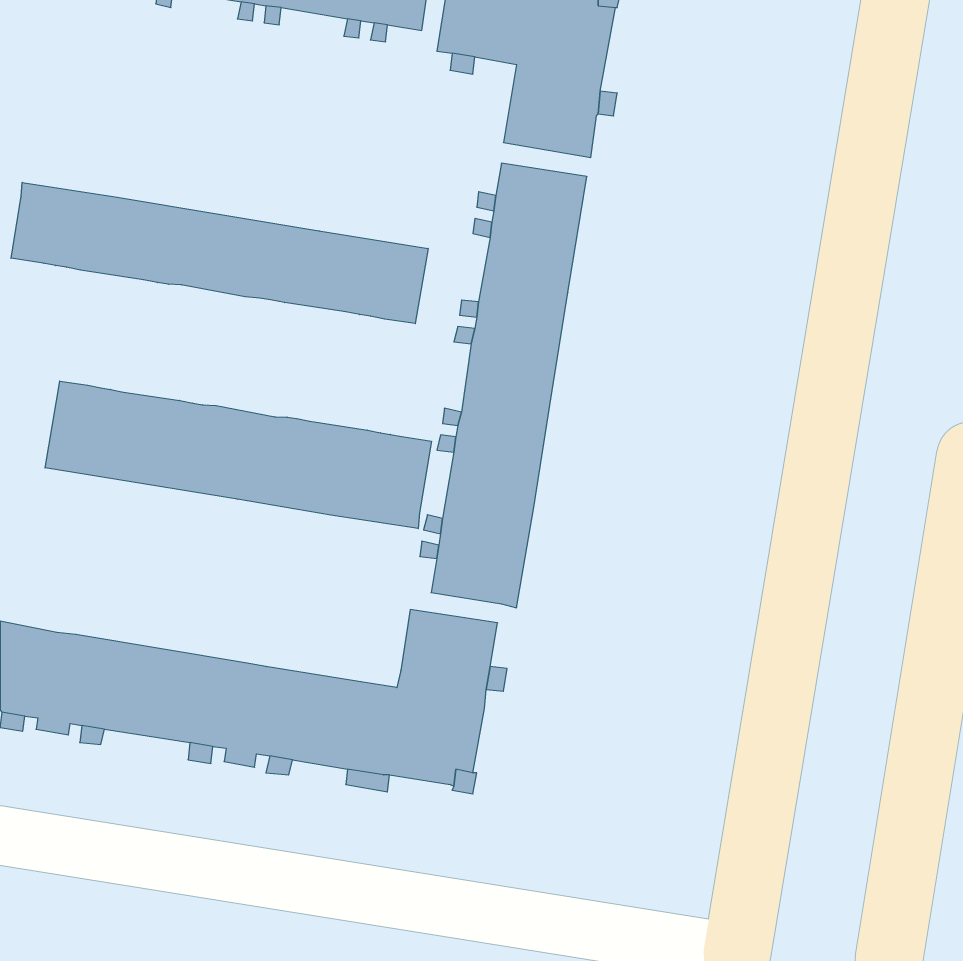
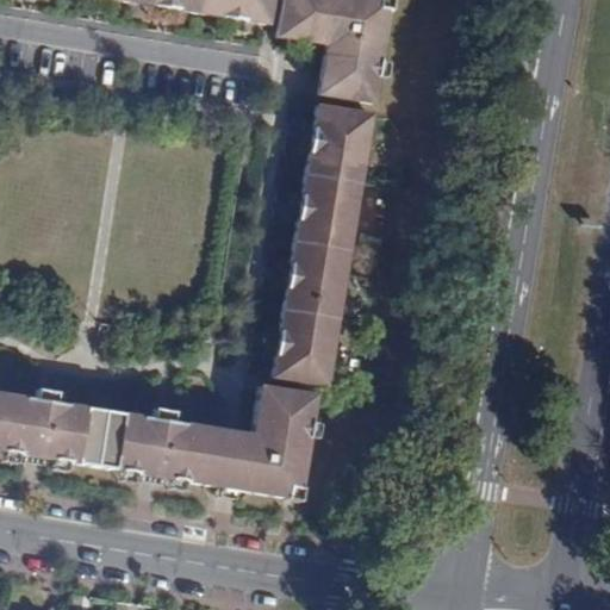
building: [11,182,428,324] -> none
building: [45,381,431,529] -> none

